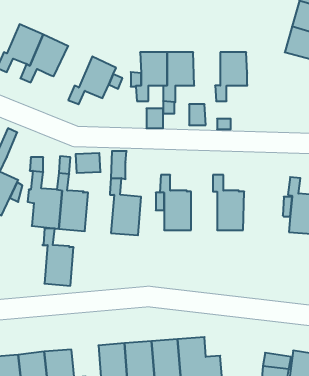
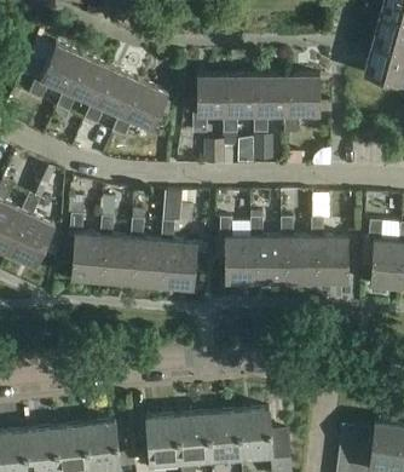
building: none -> [85,69,140,125]
building: none -> [253,76,289,133]
building: none -> [250,219,285,283]
building: none -> [311,219,347,283]
building: [42,229,74,286] -> [129,220,166,287]

